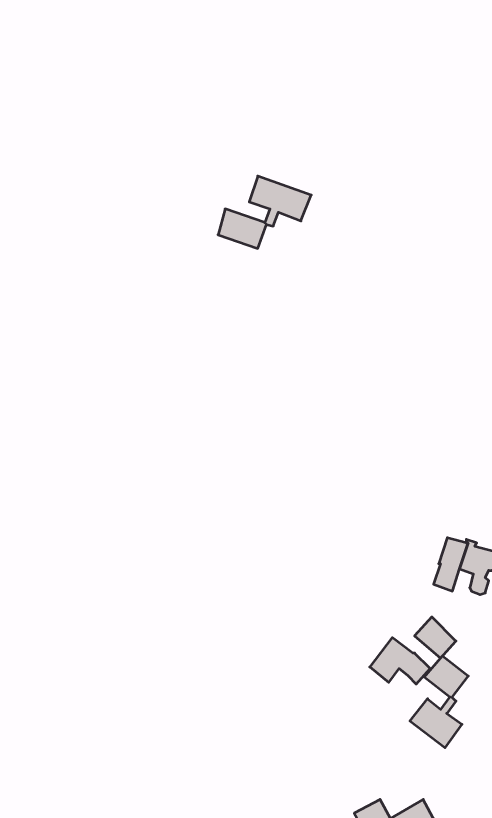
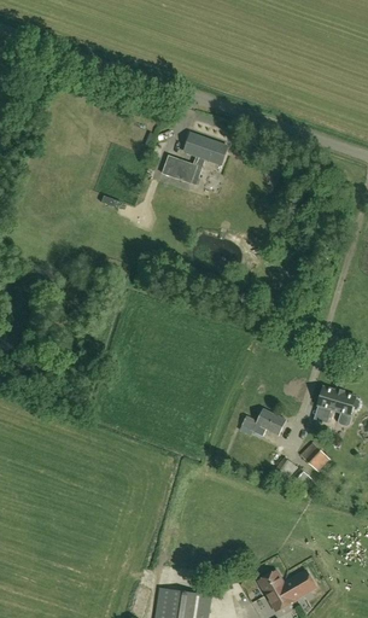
building: none -> [243,408,286,435]
building: [410,656,468,748] -> none

